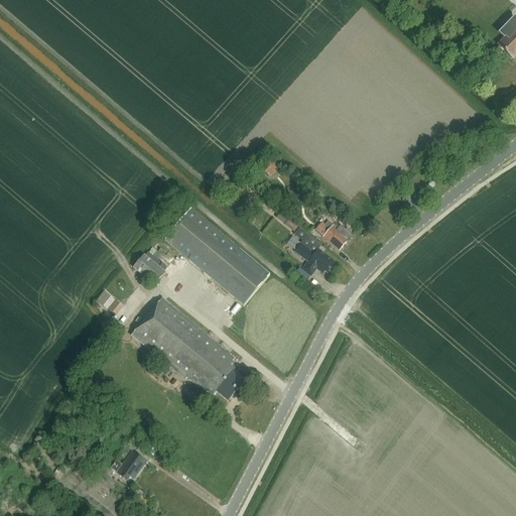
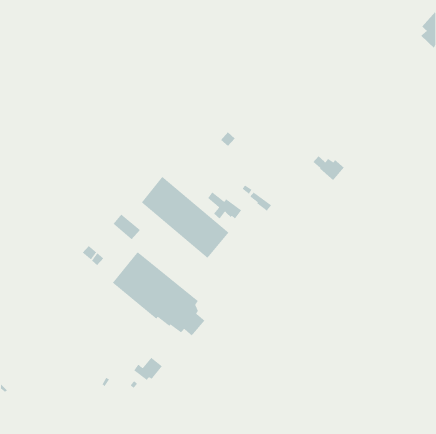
building: [314,219,353,249] -> [313,155,345,181]
building: [295,239,337,272] -> [207,191,242,219]
building: [111,449,146,478] -> [133,357,163,381]

